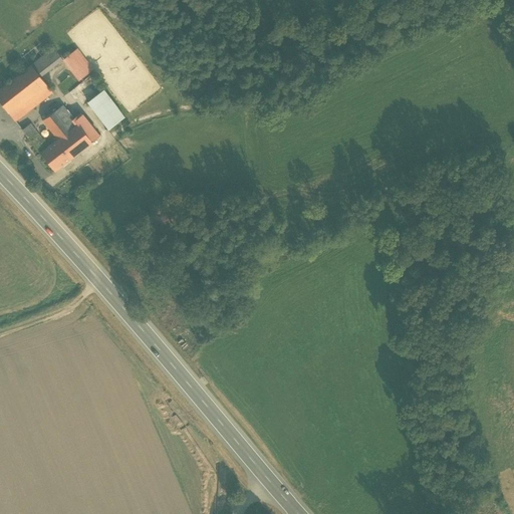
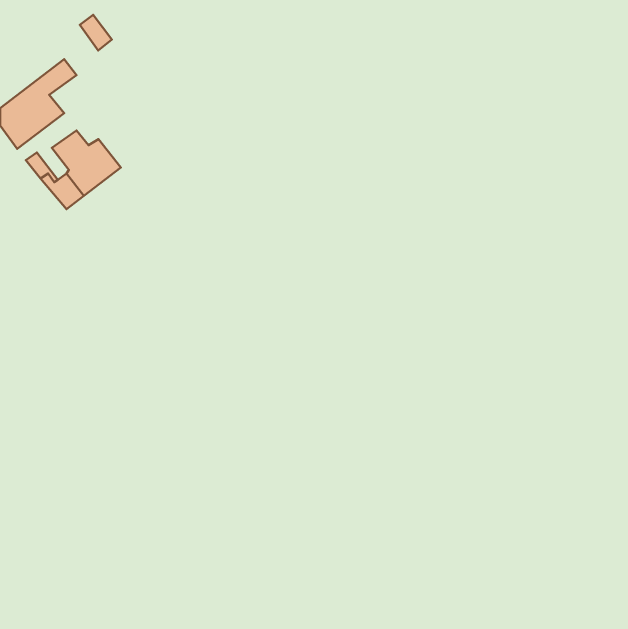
building: [65,50,91,79] -> [80,15,112,51]
building: [88,90,123,128] -> none

